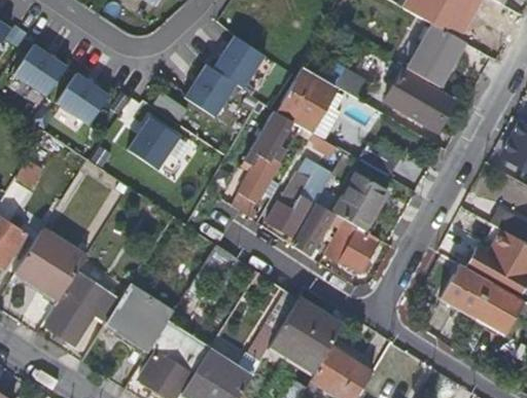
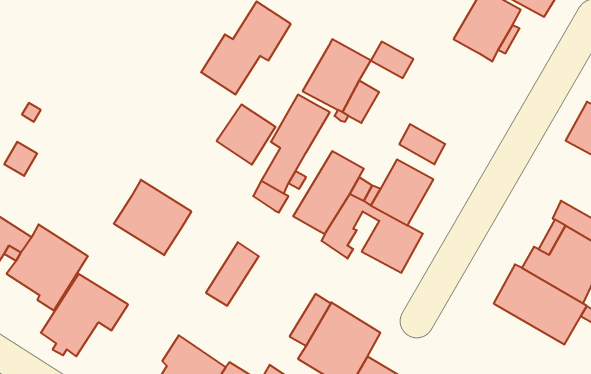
building: [14,45,67,98] -> none
building: [385,67,454,130] -> none
building: [57,74,110,125] -> none
building: [129,117,180,170] -> [217,105,276,165]
building: [106,285,174,351] -> [114,180,191,255]

